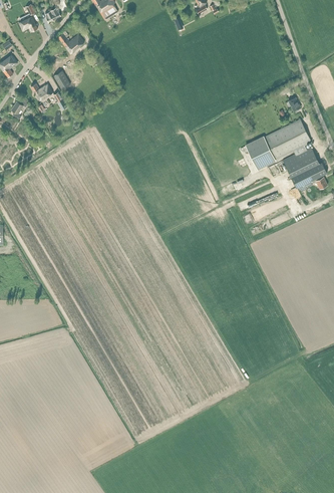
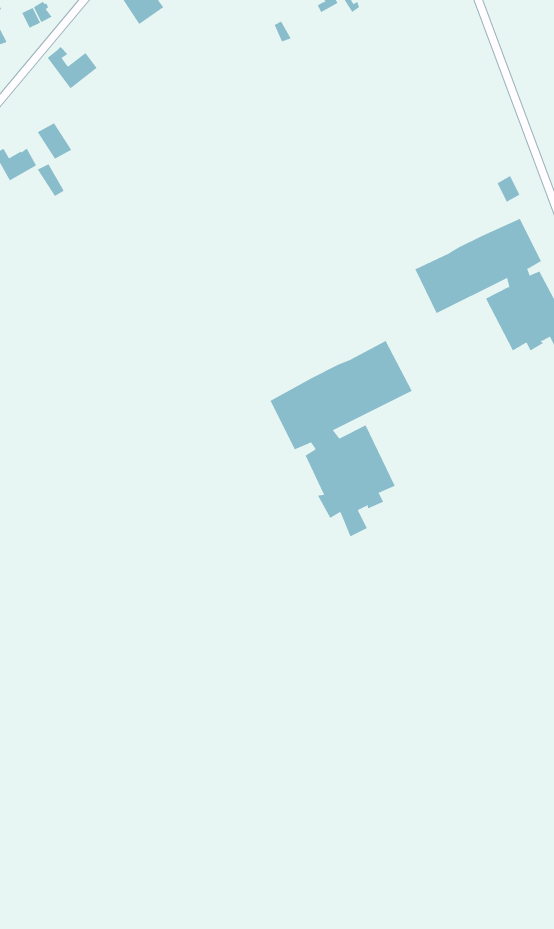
building: none -> [270,340,412,537]

